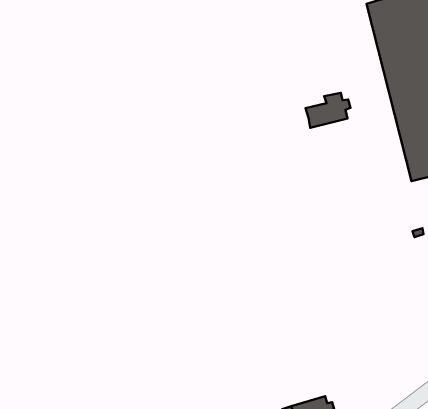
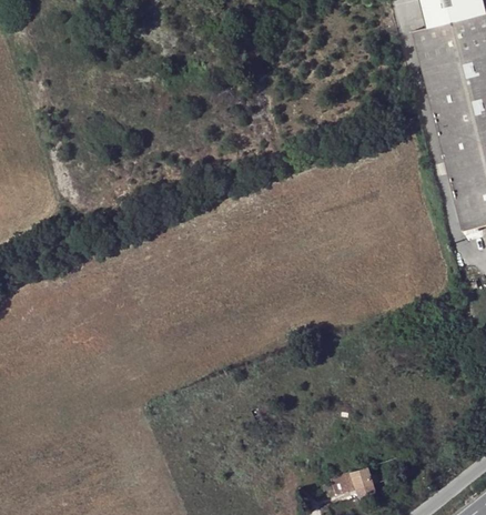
building: [306,93,351,128] -> none

